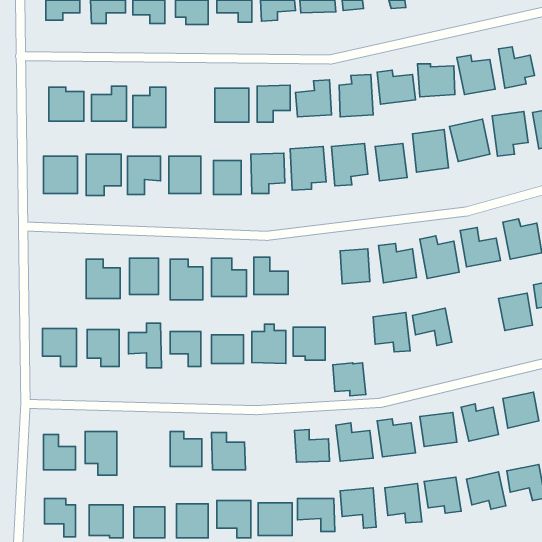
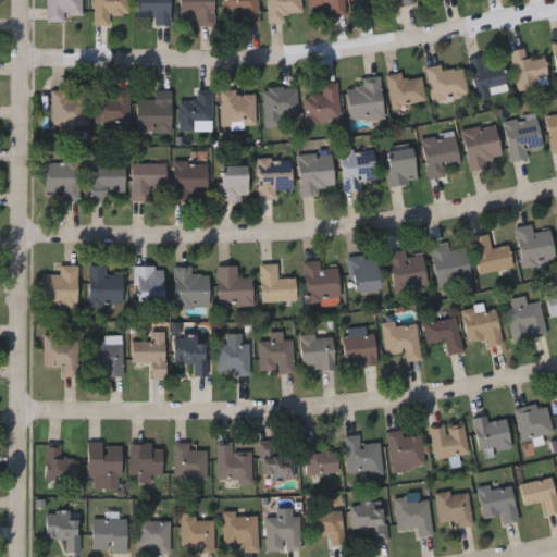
building: none -> [180,89,213,127]
building: none -> [305,260,339,299]
building: none -> [45,267,77,307]
building: none -> [462,305,502,346]
building: [333,363,366,396] -> [344,332,377,366]
building: none -> [260,441,294,479]
building: none -> [131,444,163,475]

